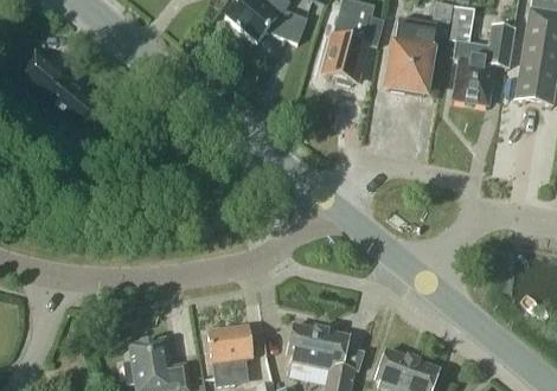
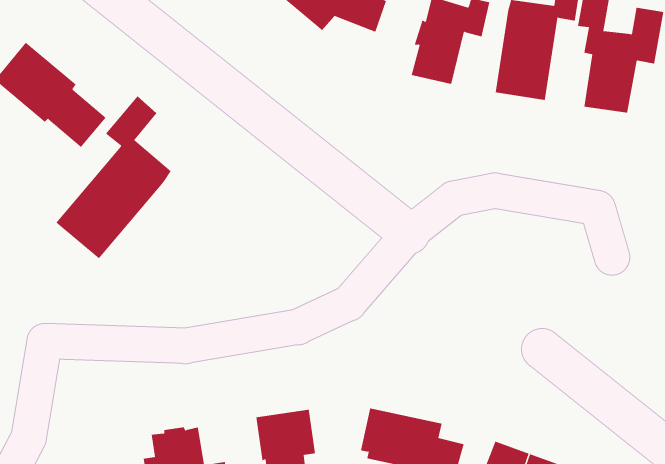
building: none -> [56,96,171,259]

